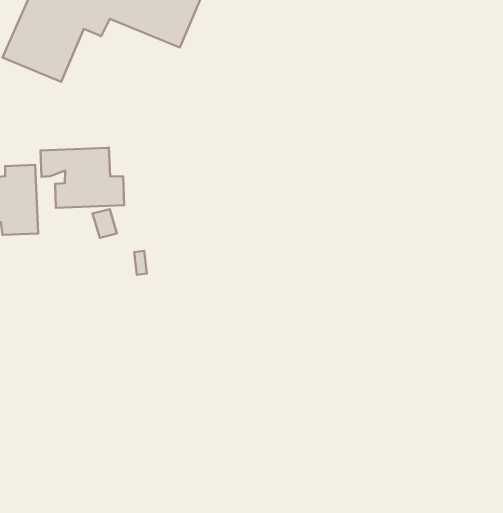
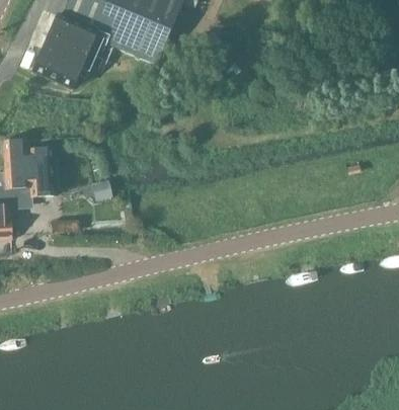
building: [40,148,124,208] -> none

